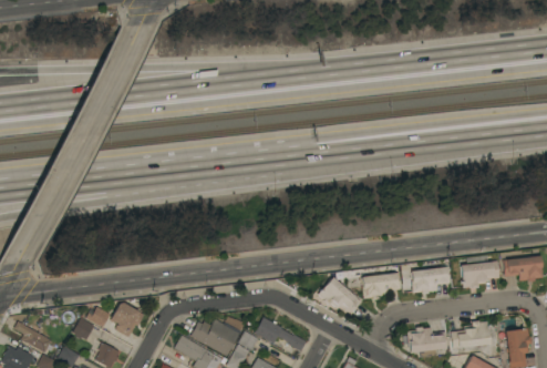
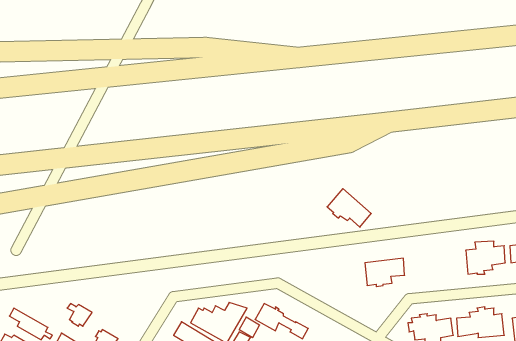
building: [410,264,450,295] -> none
building: [317,277,360,315] -> [327,189,371,227]
building: [85,300,143,334] -> none

